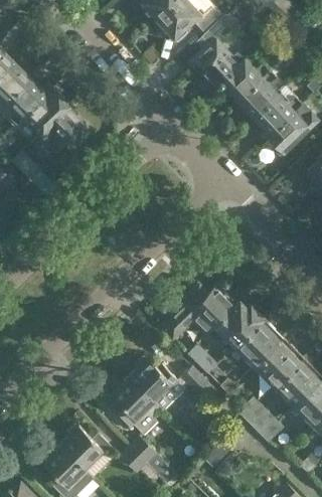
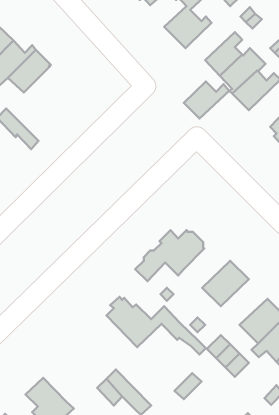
building: [220,59,270,100] -> [184,81,229,119]
building: [41,107,93,152] -> none
building: [208,301,265,346] -> none
building: [255,337,305,386] -> none
building: [111,376,164,435] -> none
building: [62,425,112,470] -> none

